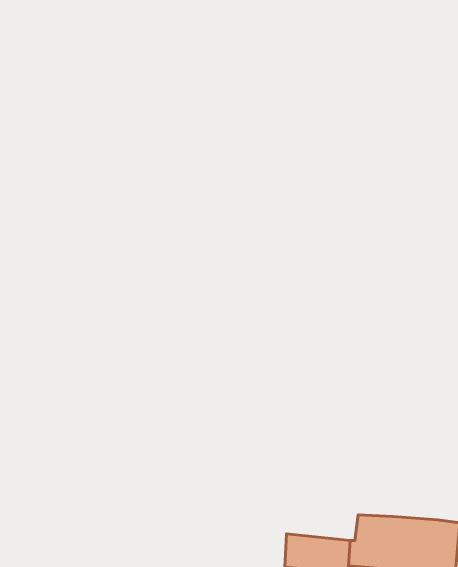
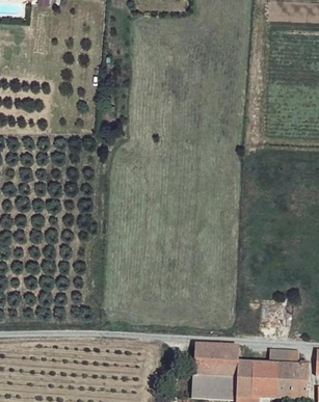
building: none -> [195,347,242,380]
building: none -> [265,347,294,367]

